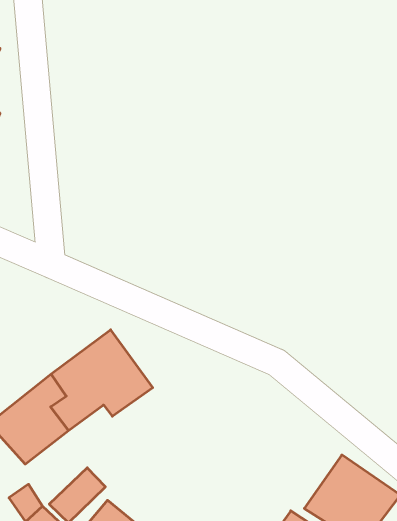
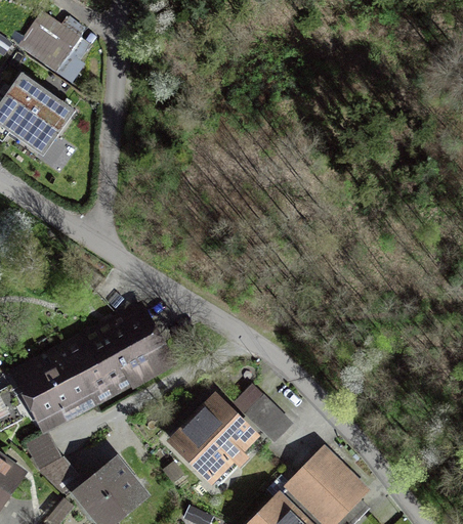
building: none -> [245,395,288,436]
building: none -> [166,396,258,487]

